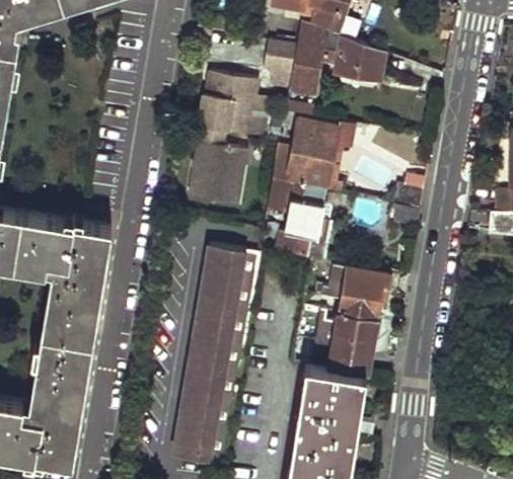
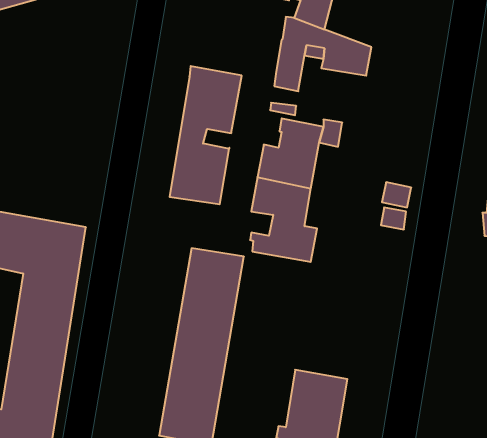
building: [262,42,297,77] -> none
building: [294,267,388,376] -> none

